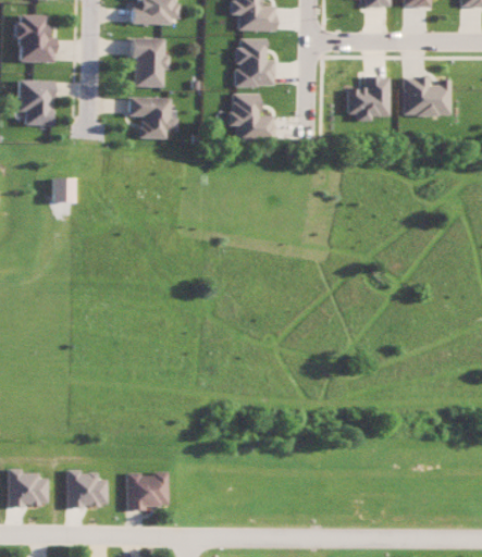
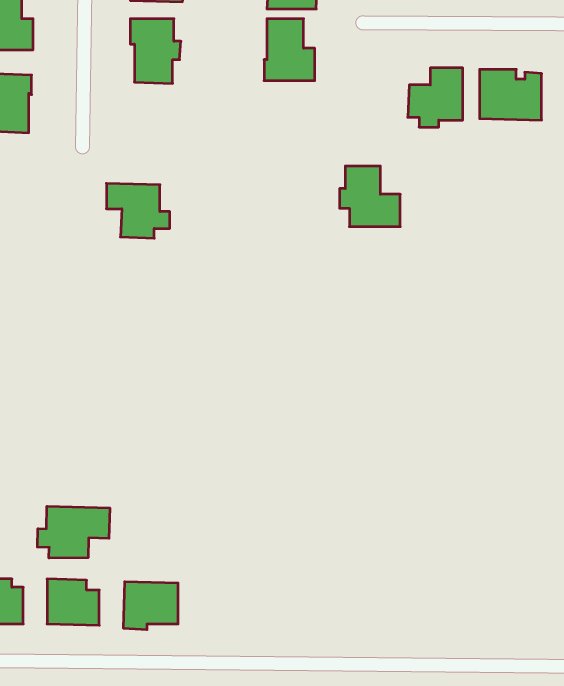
building: [226,94,273,140] -> [340,166,400,227]
building: [128,97,177,139] -> [106,183,170,238]
building: [53,177,74,202] -> none
building: none -> [37,506,110,558]

